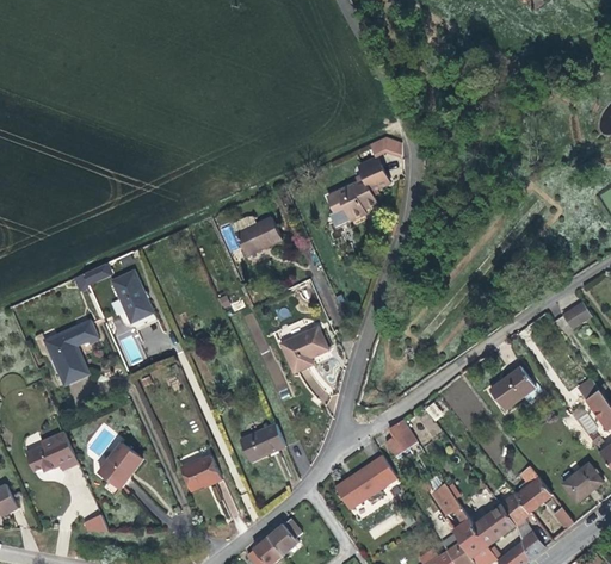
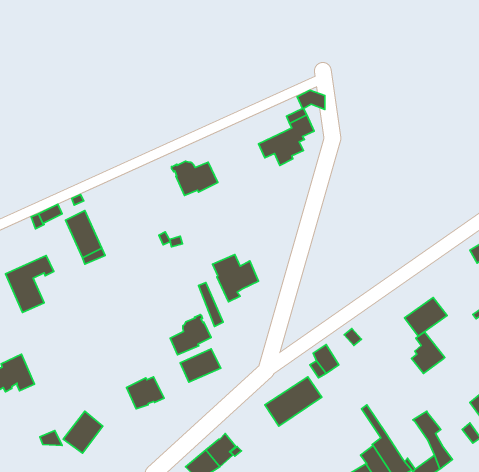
building: none -> [170,314,211,355]
building: [98,442,142,489] -> [63,411,103,453]
building: [516,466,553,513] -> [412,332,445,374]
building: [474,506,516,546] -> none

